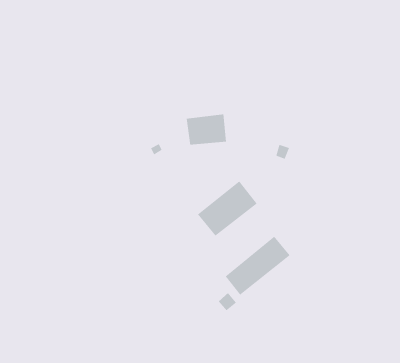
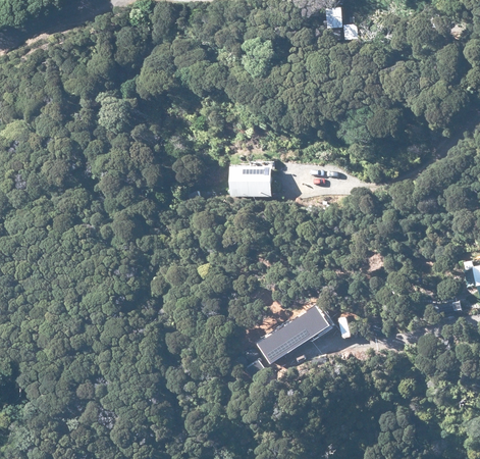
building: [197,181,257,237] -> none

